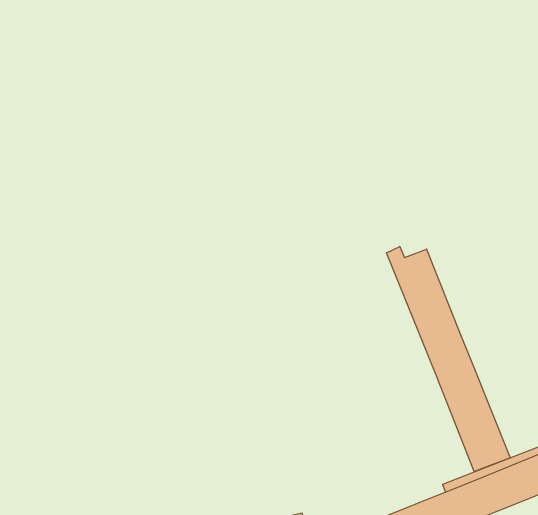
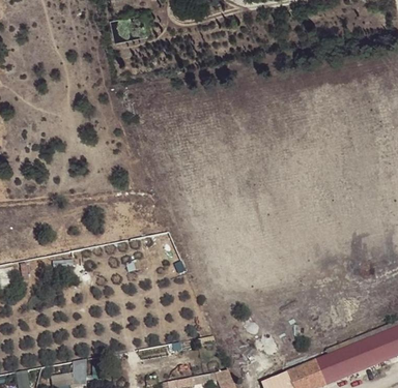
building: [387,246,510,472] -> none

